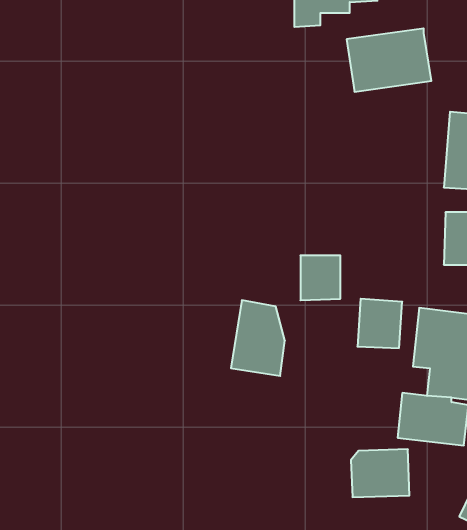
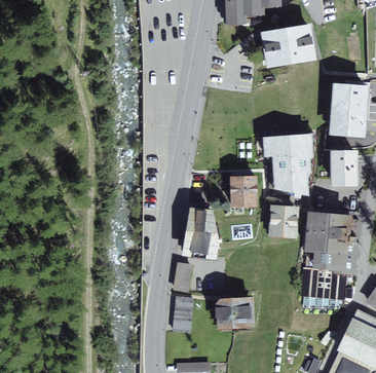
building: none -> [264,135,313,196]
building: none -> [172,262,190,293]
building: none -> [170,298,191,332]
building: [351,449,409,497] -> [218,296,257,328]

